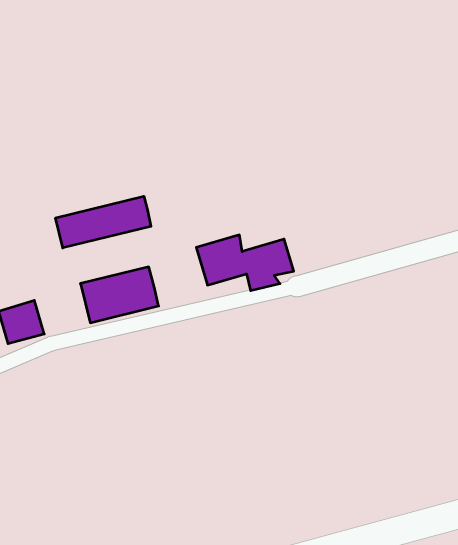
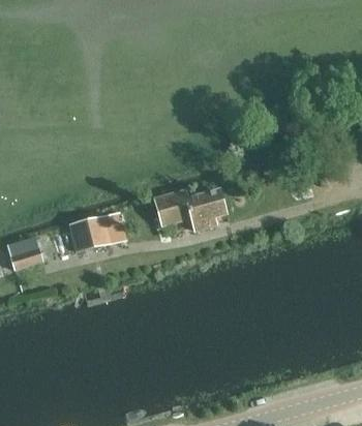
building: [56,196,151,248] -> none

